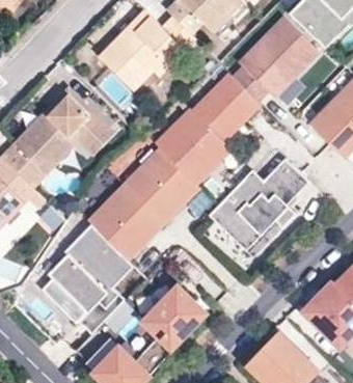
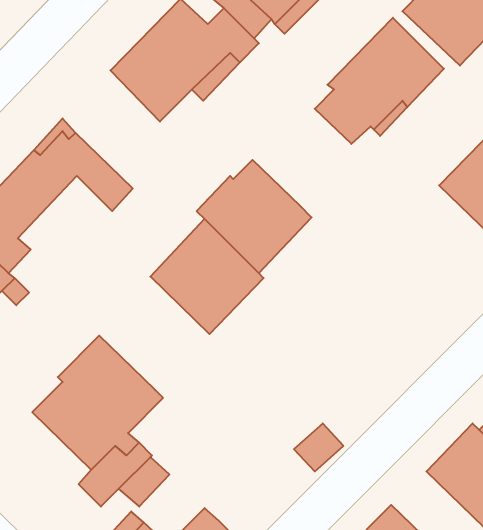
building: [190,74,257,140] -> none
building: [37,120,99,168] -> none
building: [210,160,310,246] -> none
building: [87,186,162,259] -> none
building: [143,285,202,345] -> none

